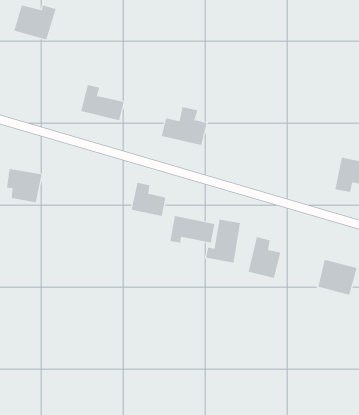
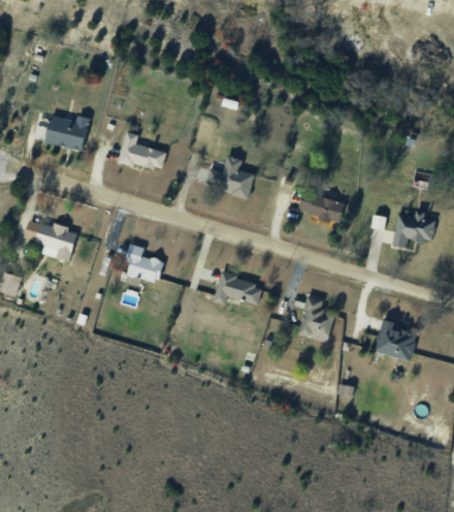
building: [13,5,56,40] -> [44,115,91,153]
building: none -> [299,192,347,223]
building: [131,182,166,217] -> [124,245,162,282]
building: [205,219,240,263] -> none

